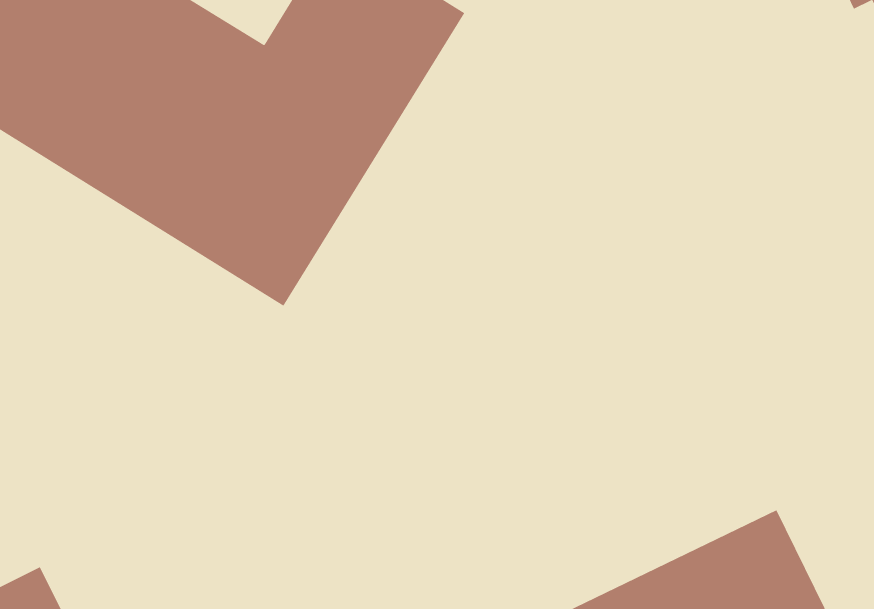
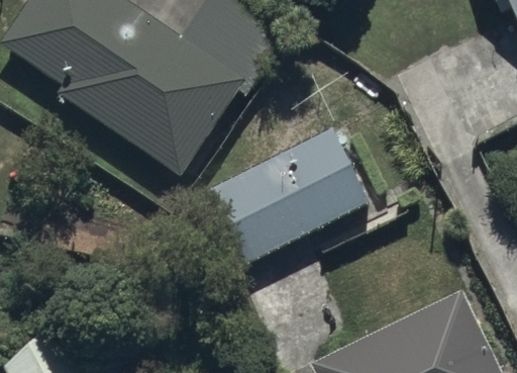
building: none -> [204,127,372,266]

